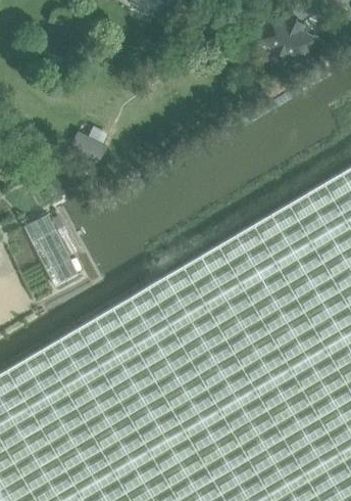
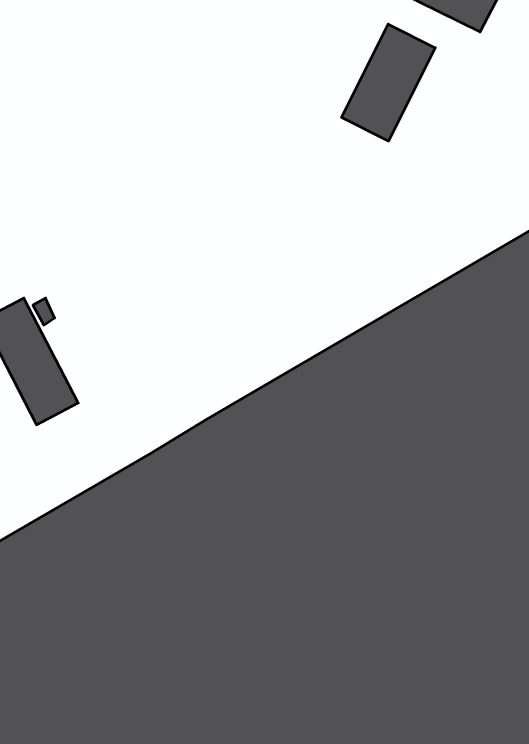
building: none -> [342,24,435,141]
building: [70,127,107,163] -> none

